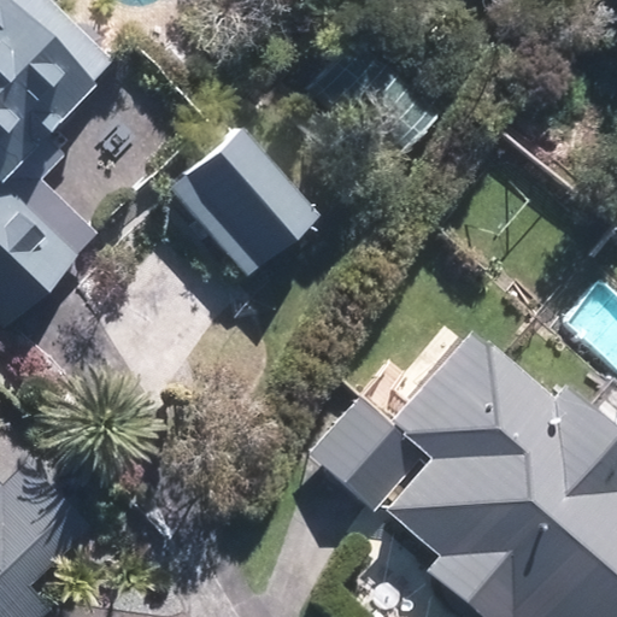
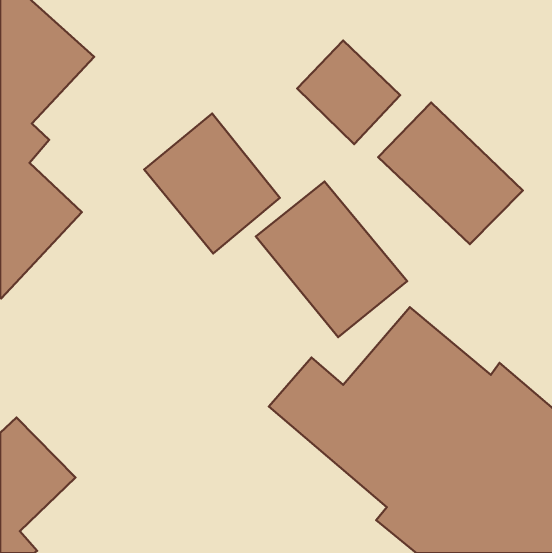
building: none -> [378,103,523,244]
building: none -> [256,182,407,337]

